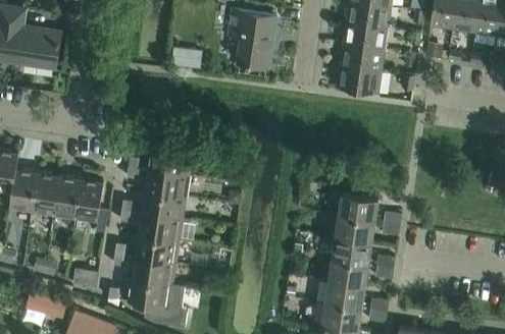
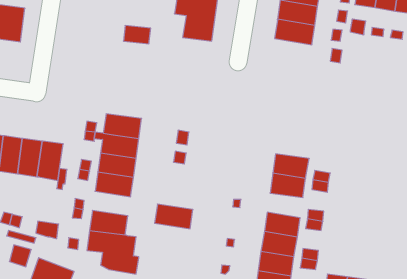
building: [336,64,382,94] -> none
building: [136,235,179,263] -> [155,204,193,229]
building: [332,237,371,265] -> none

